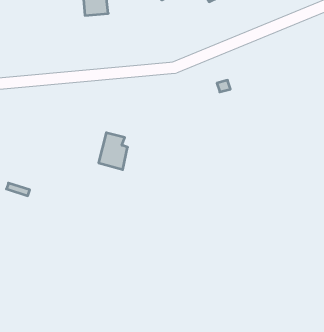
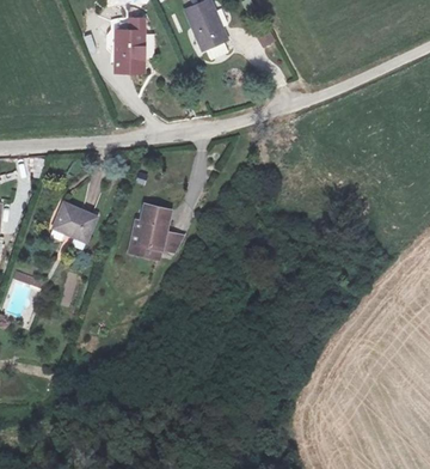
building: none -> [53,205,98,242]

